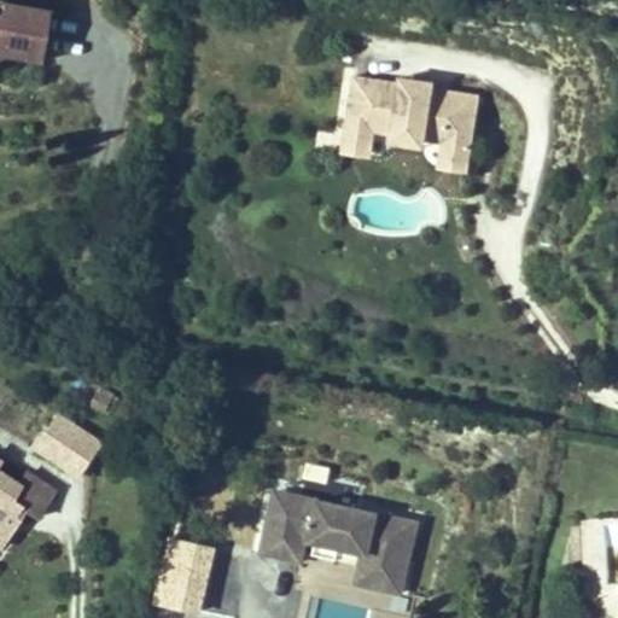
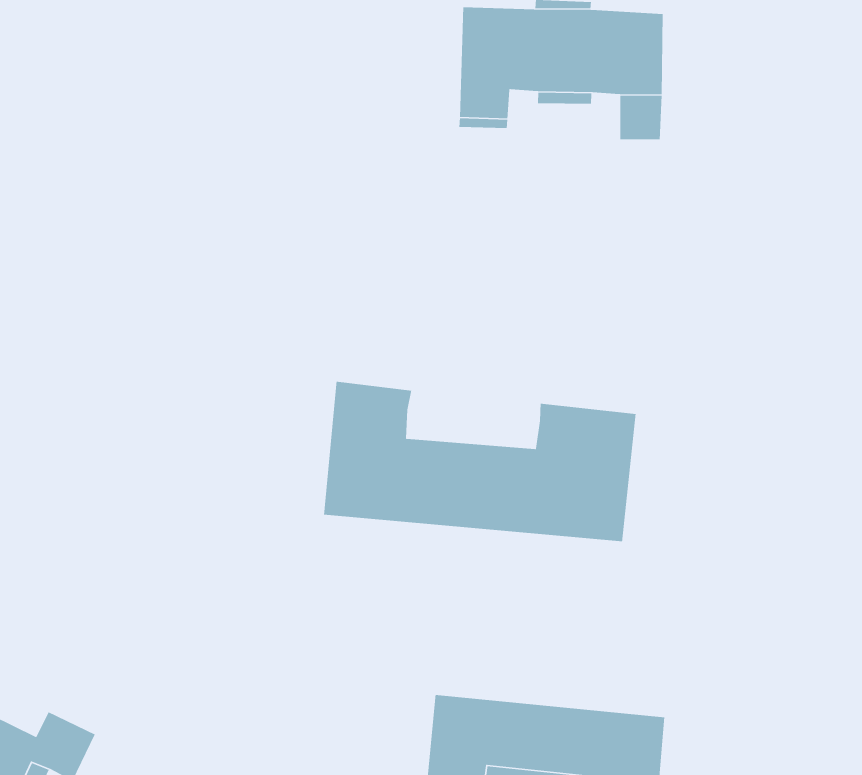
building: none -> [323,381,636,542]
building: [52,421,116,482] -> none

